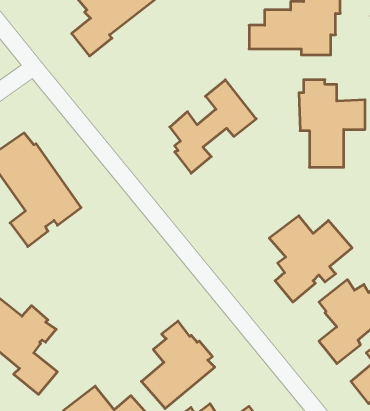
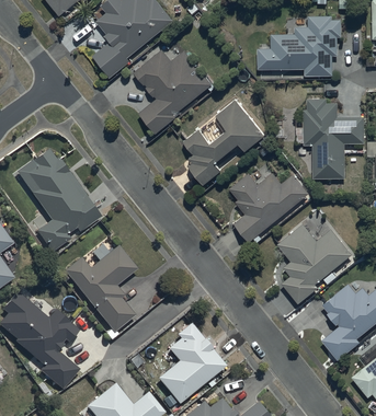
building: none -> [132,49,212,134]
building: none -> [229,173,308,244]
building: none -> [62,244,137,331]

